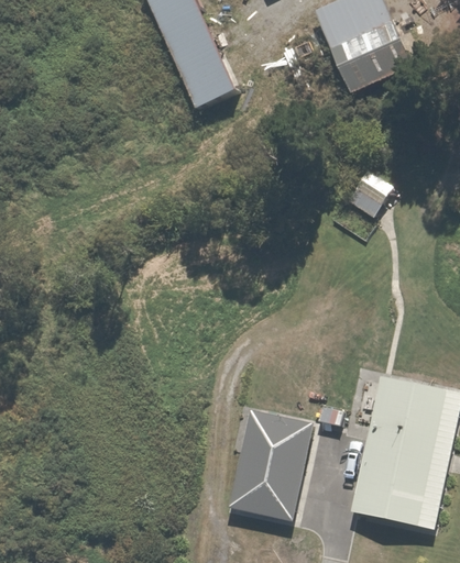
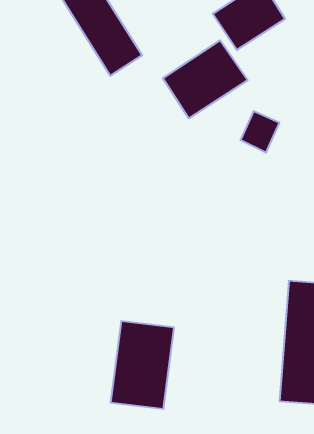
building: none -> [163,40,248,118]
building: [228,411,314,521] -> [111,321,174,409]

